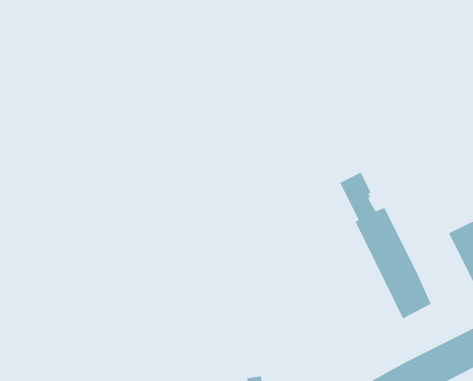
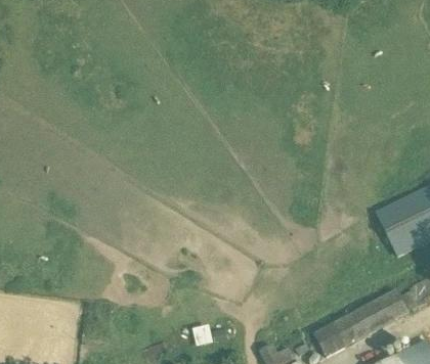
building: [340,172,432,319] -> none

